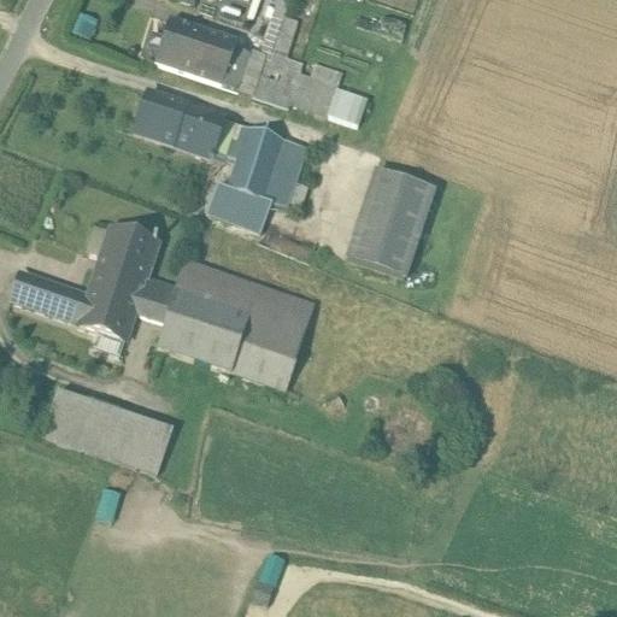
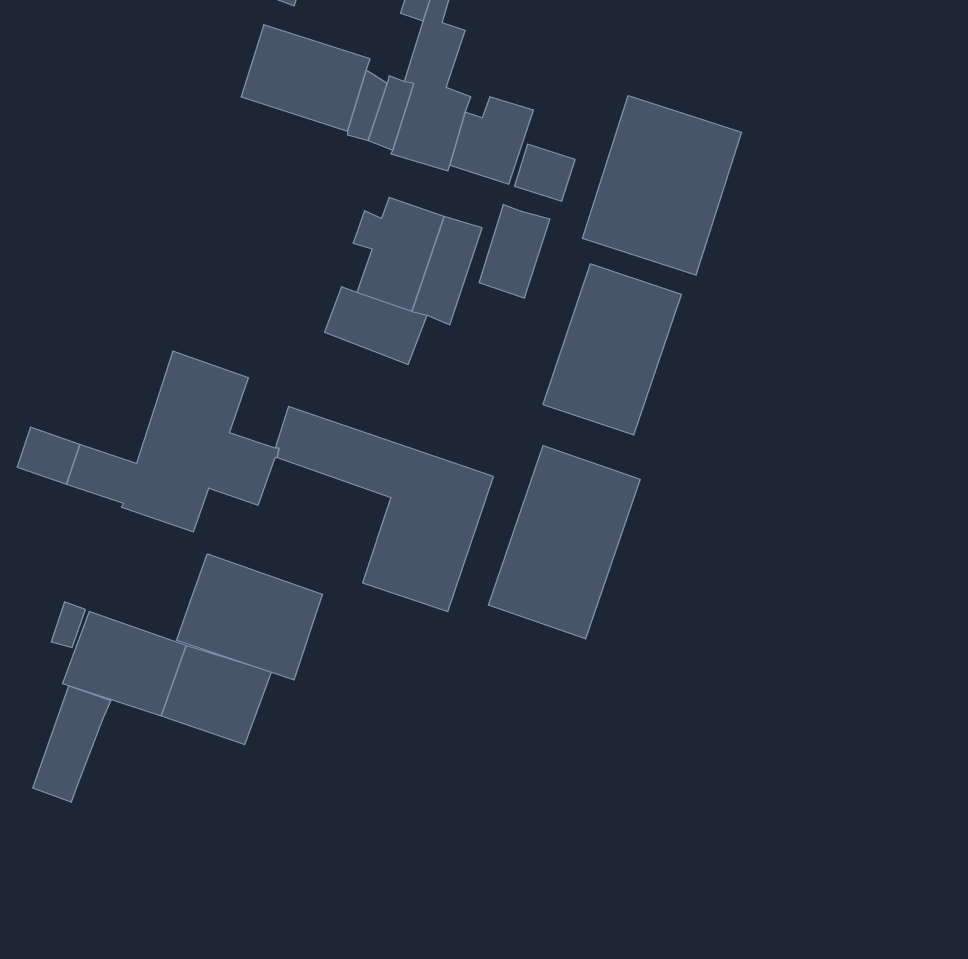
building: none -> [582,96,742,275]
building: [135,92,223,153] -> none
building: none -> [479,204,550,298]
building: none -> [488,446,640,639]
building: [157,290,249,370] -> [176,555,323,680]
building: none -> [33,686,111,802]

